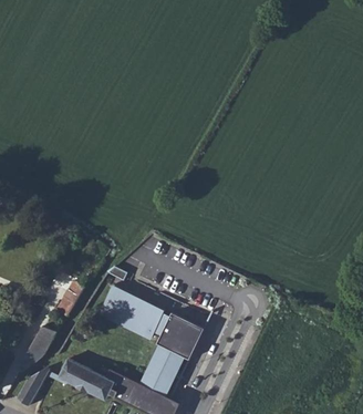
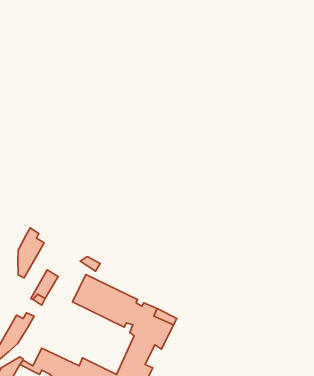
building: none -> [18,228,44,278]

